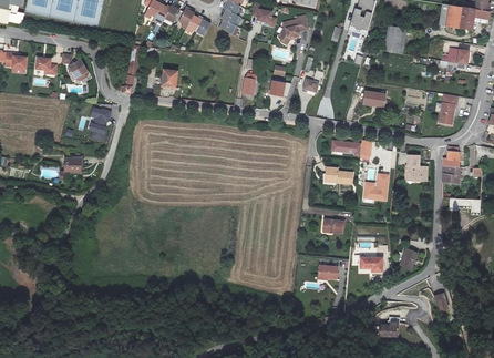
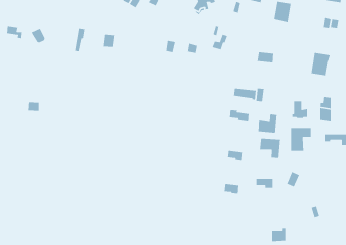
building: [90,106,111,139] -> none
building: none -> [290,128,312,151]
building: none -> [259,138,281,158]

